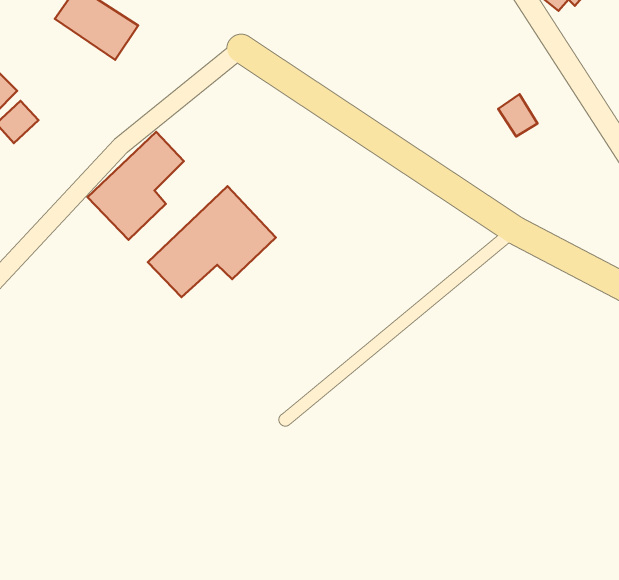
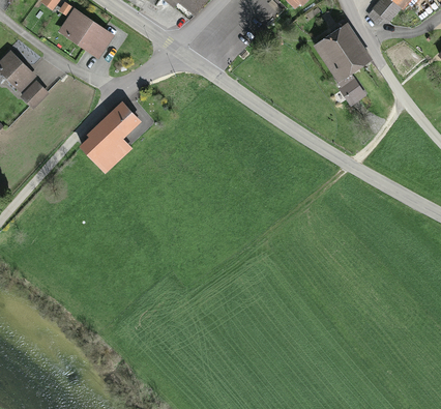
building: none -> [314,23,371,80]
building: [148,186,276,297] -> none

